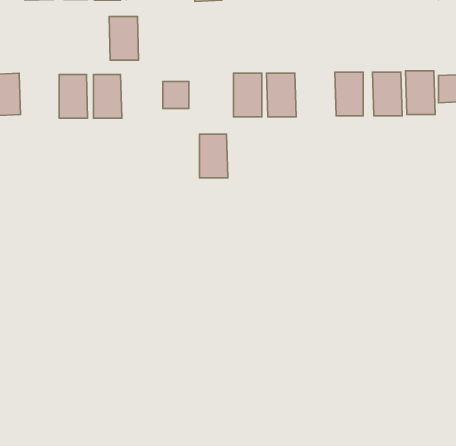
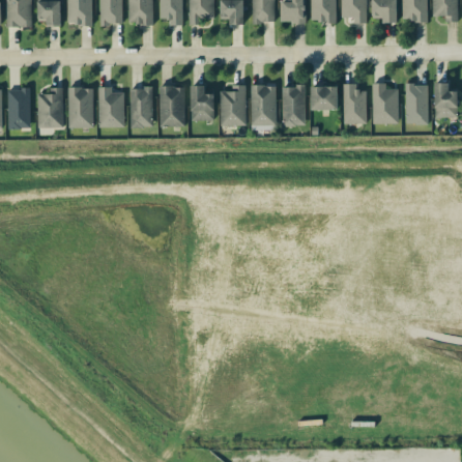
building: [109,16,139,60] -> [160,87,185,125]
building: none -> [311,85,334,109]
building: none -> [71,87,91,124]
building: [200,134,228,178] -> [222,88,247,126]

